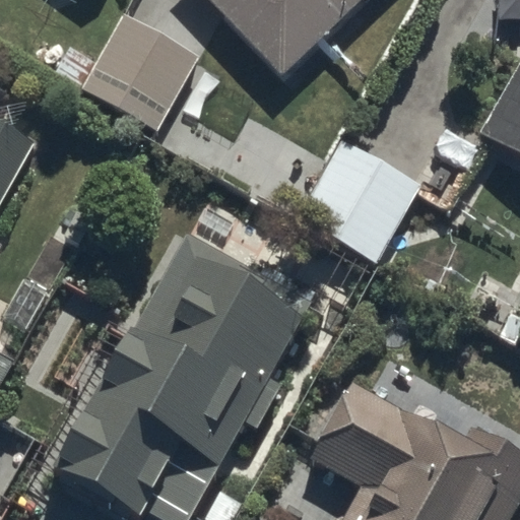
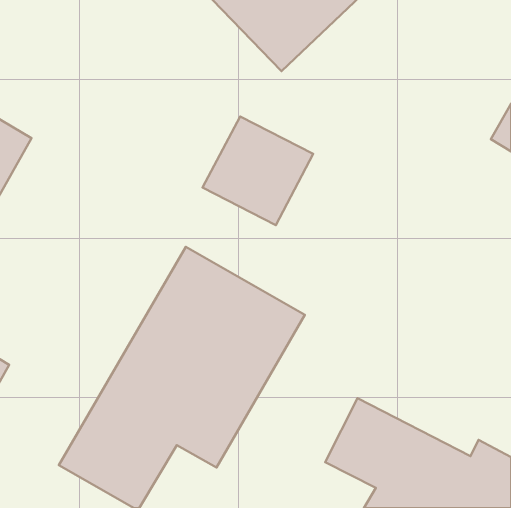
building: [87,18,193,120] -> none
building: [307,148,417,257] -> [203,116,313,225]

